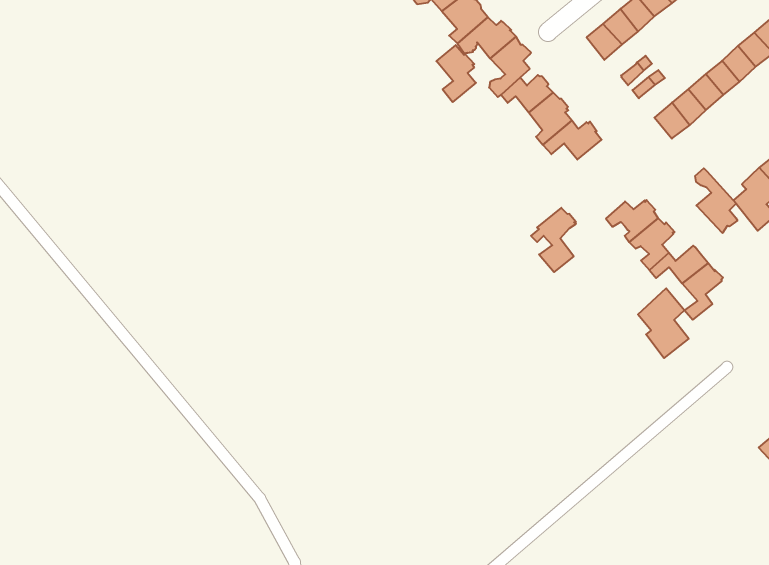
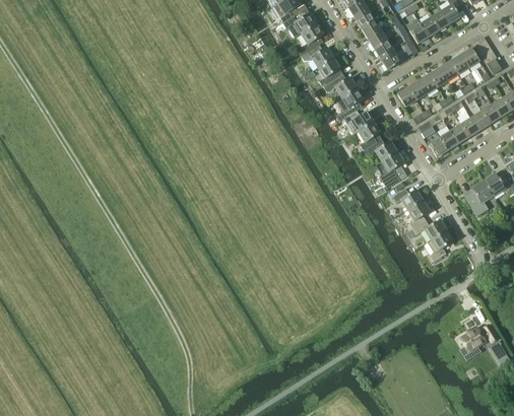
building: [436,45,476,102] -> none
building: [695,168,737,233] -> none
building: [531,208,576,272] -> [377,151,403,187]
building: [638,288,689,358] -> none

